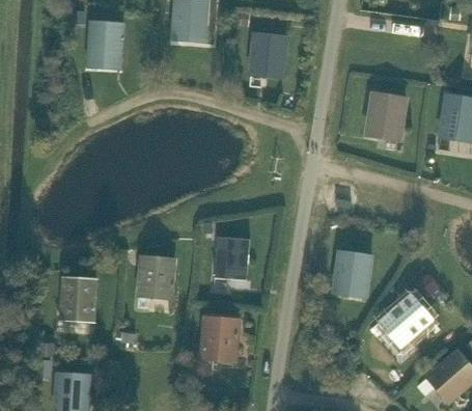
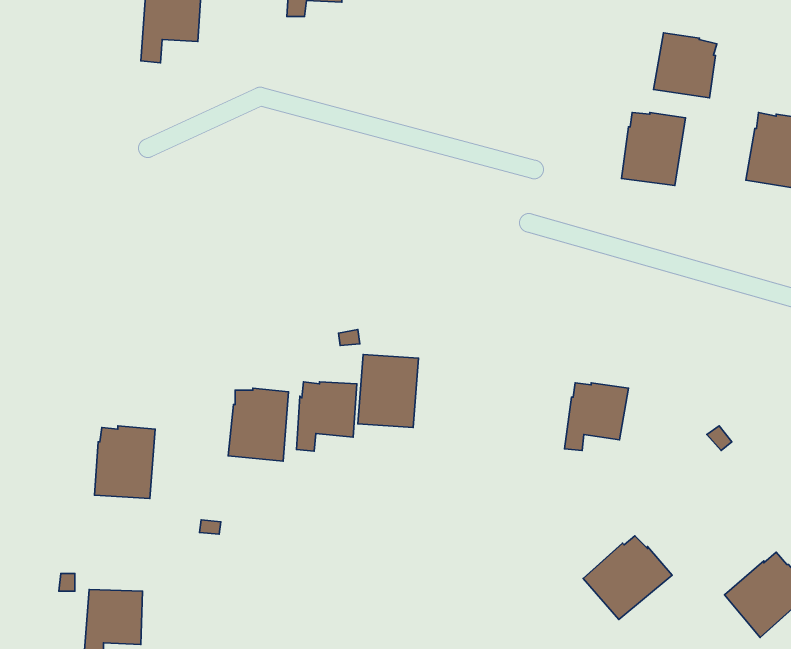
building: [250,35,286,75] -> none
building: none -> [654,33,717,98]
building: [380,297,432,346] -> [583,536,672,620]
building: [202,319,238,359] -> [296,382,357,451]

